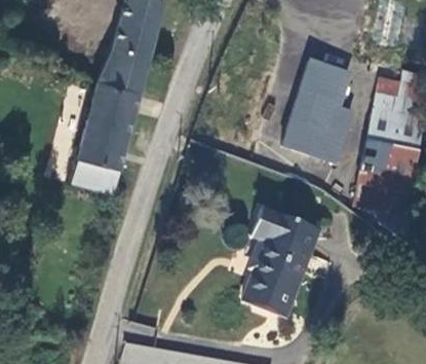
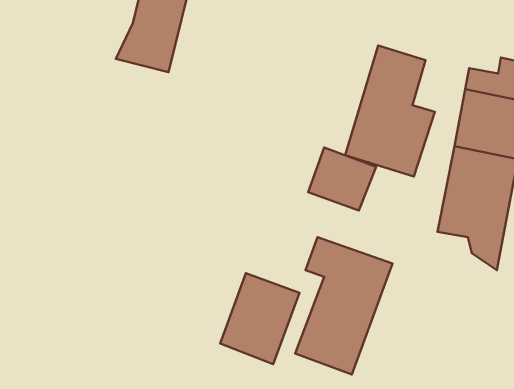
building: [78,71,144,182] -> none
building: none -> [308,148,376,211]
building: none -> [220,273,300,364]

